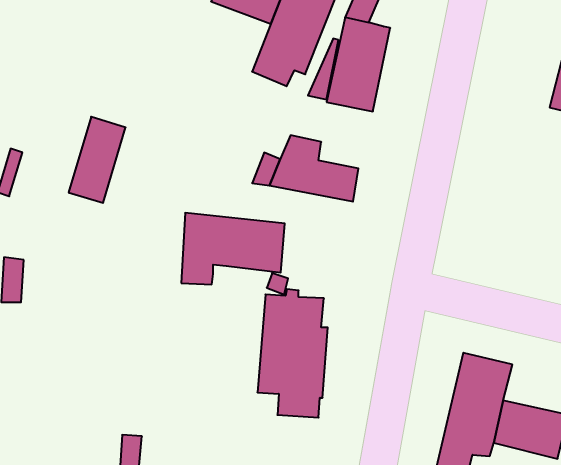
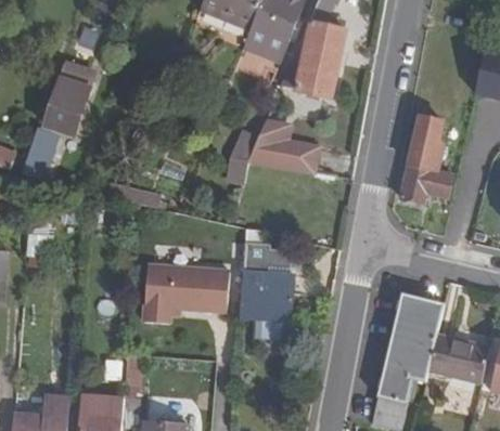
building: [69,117,126,203] -> [43,63,90,133]
building: none -> [400,117,456,204]
building: [181,213,285,284] -> [143,264,228,323]

